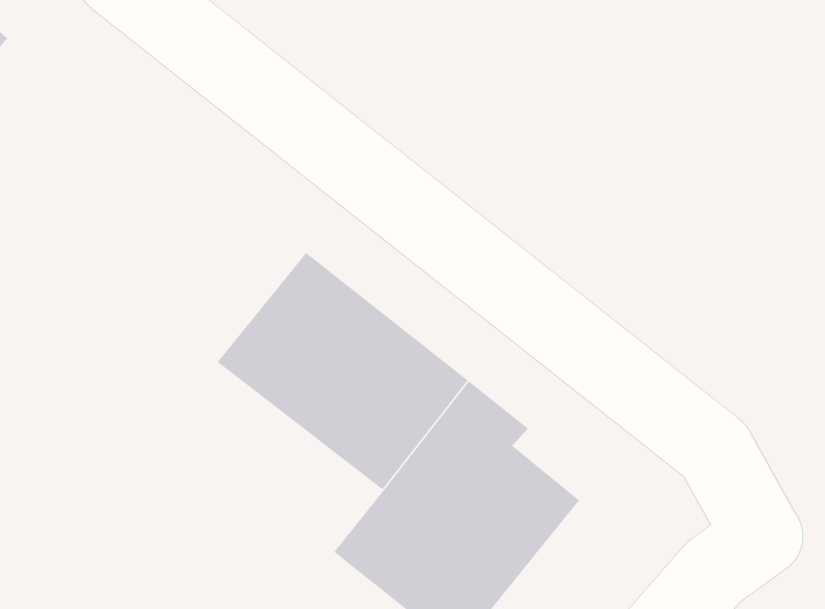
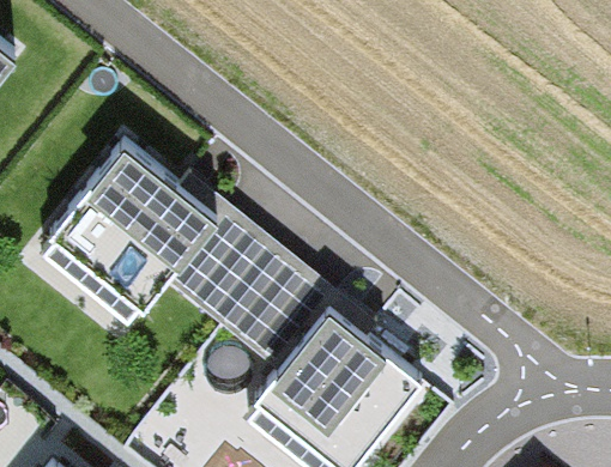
building: none -> [37,142,225,325]

